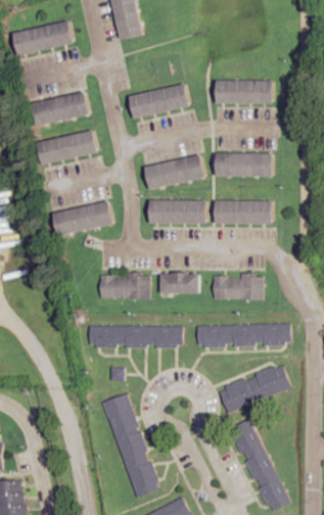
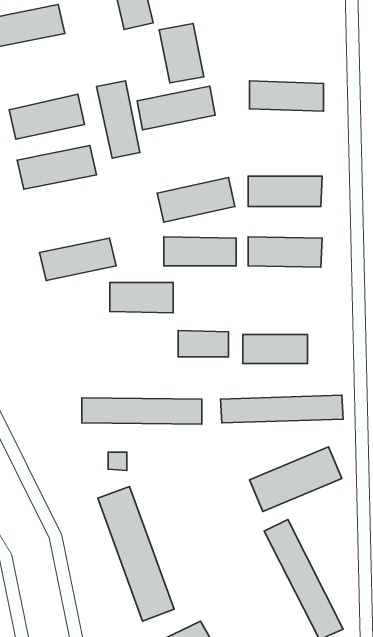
building: none -> [159,24,204,83]
building: none -> [97,81,140,158]
building: [100,275,149,298] -> [110,282,173,313]

